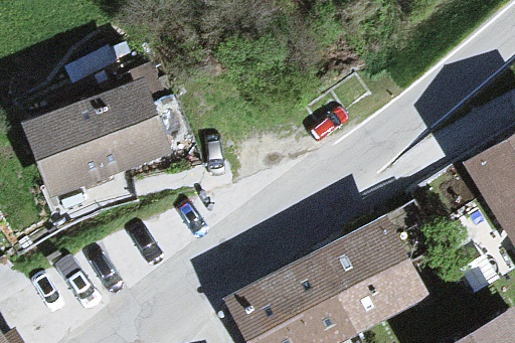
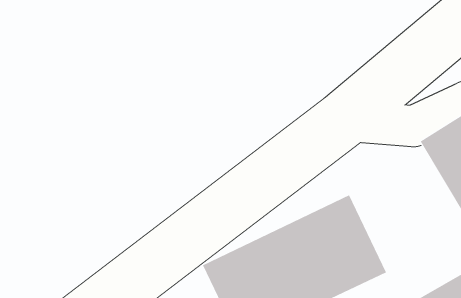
building: [24,80,171,196] -> none

